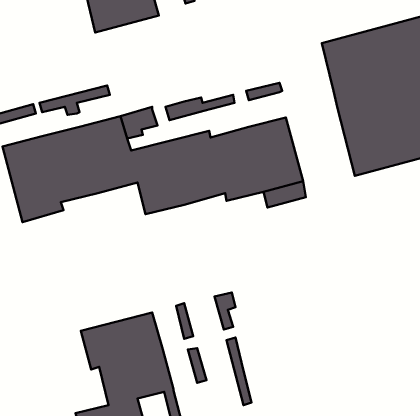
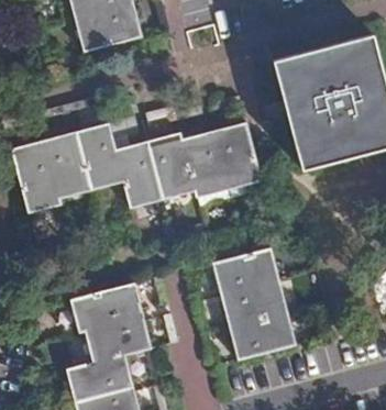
building: none -> [212,250,296,361]

